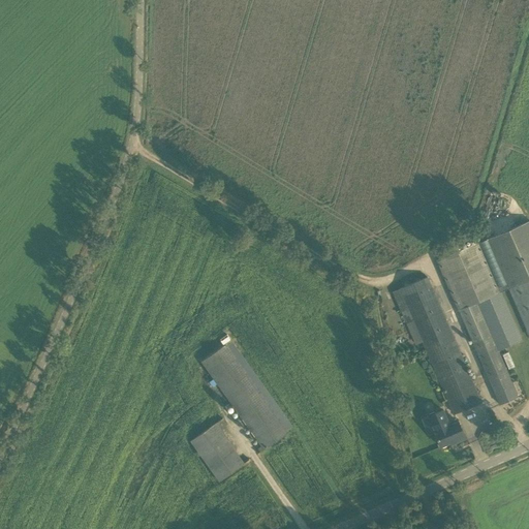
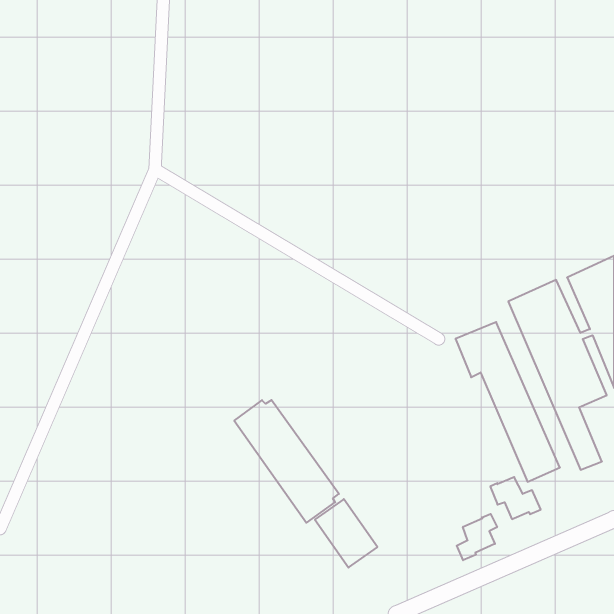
building: [190,423,244,481] -> [315,499,377,568]
building: none -> [457,514,497,560]

